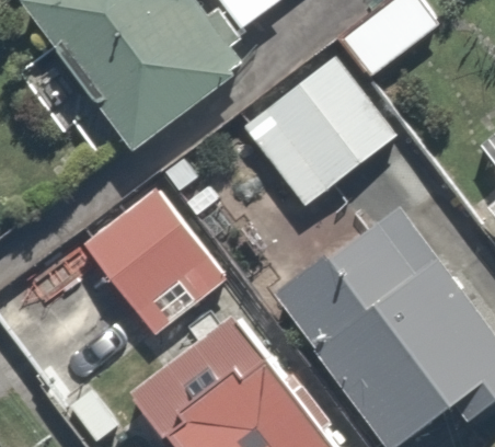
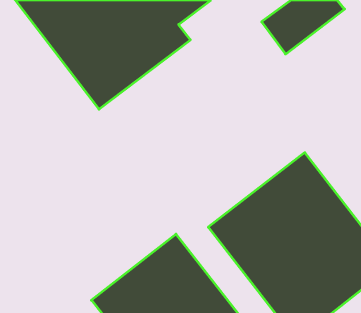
building: [246,55,395,203] -> none
building: [82,179,234,334] -> none

